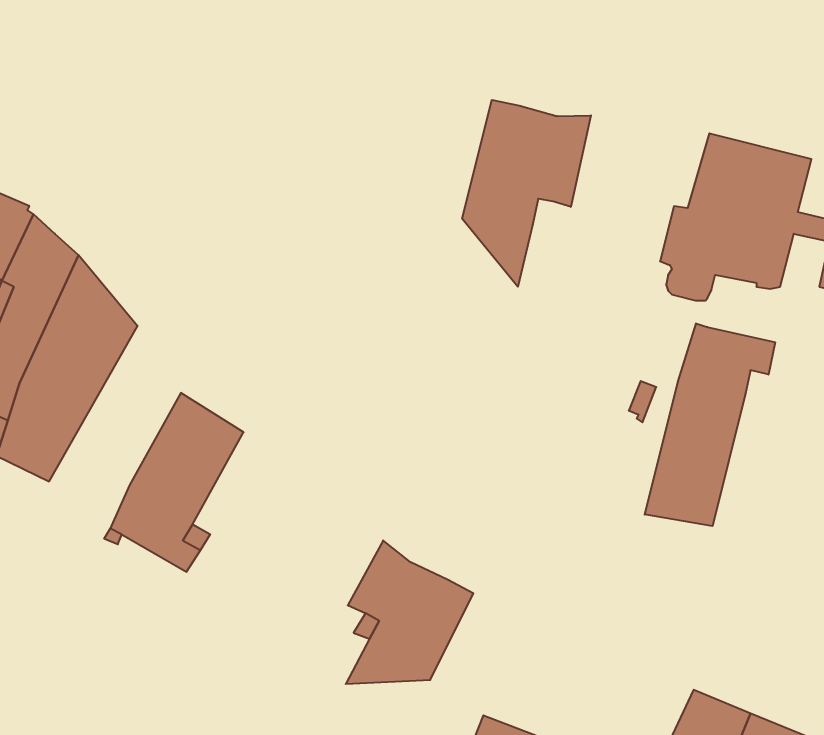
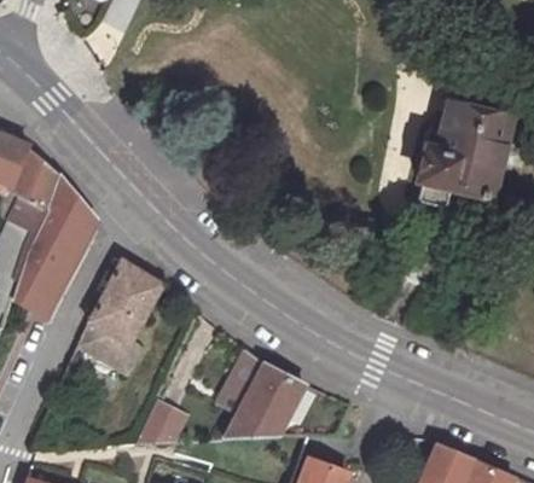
building: [462,100,591,287] -> none
building: [645,323,775,526] -> none
building: none -> [135,401,186,444]

